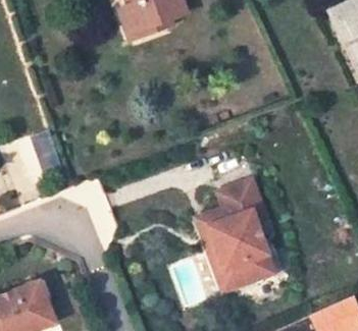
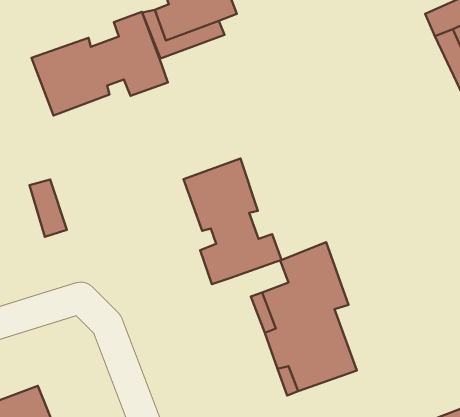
building: none -> [32,12,168,115]
building: none -> [184,159,282,284]

